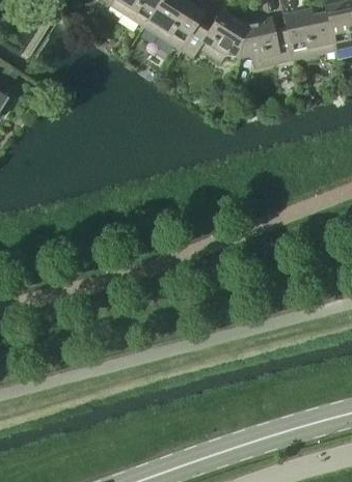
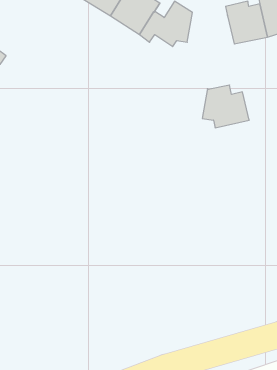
building: [238,17,295,68] -> [202,85,249,128]

